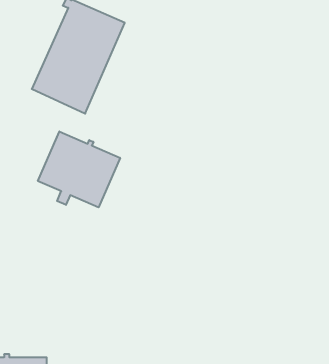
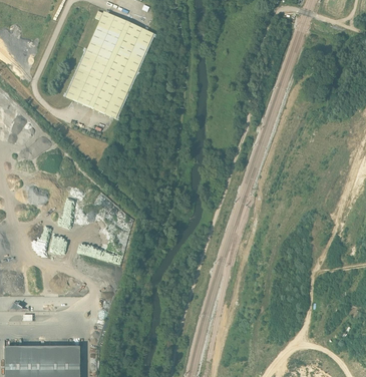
building: [38,131,120,207] -> none

